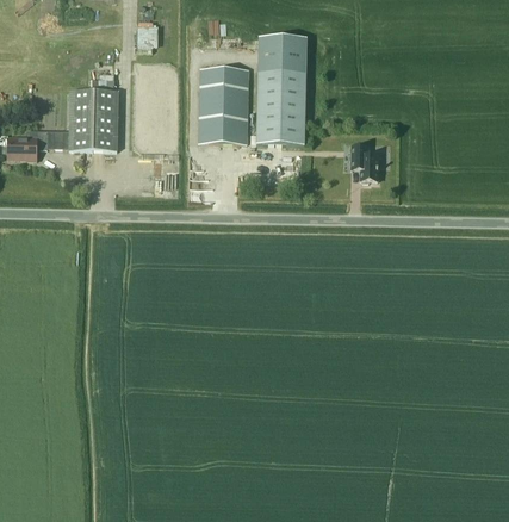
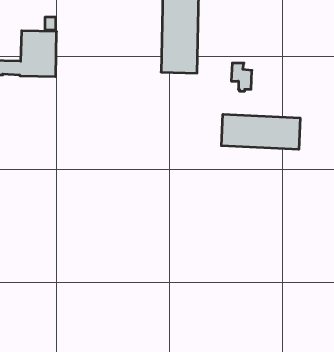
building: [197,68,247,143] -> none
building: none -> [221,114,300,149]

